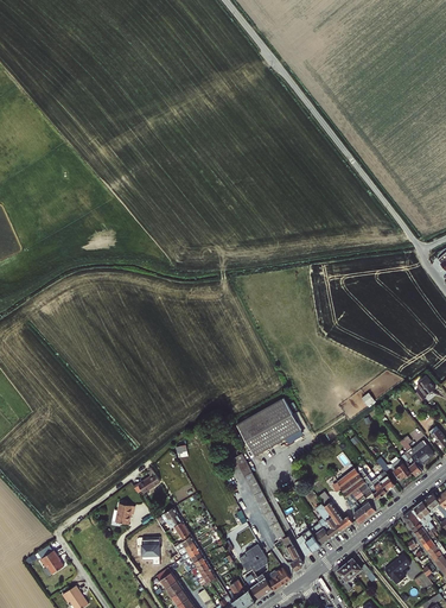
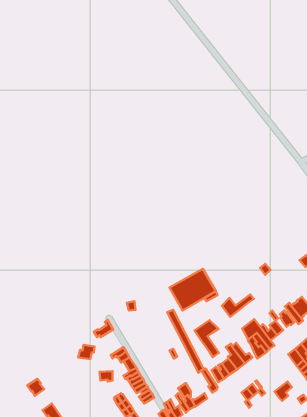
building: none -> [222,295,254,317]
building: none -> [194,320,219,357]

